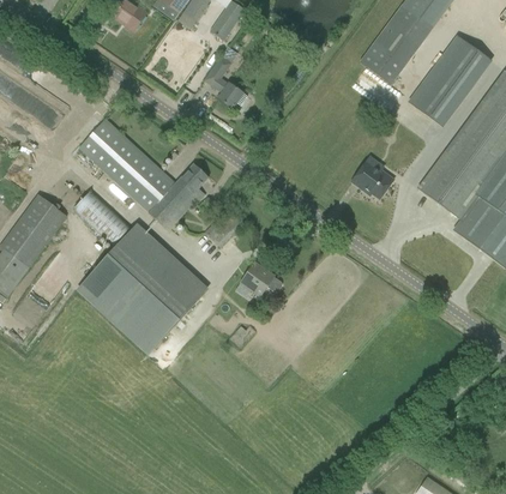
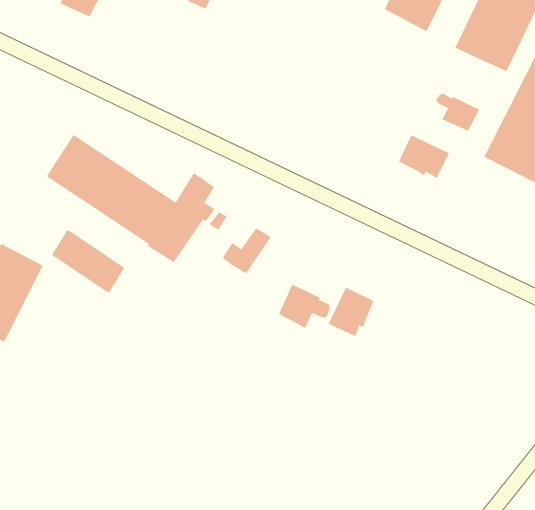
building: [204,54,247,108] -> none
building: none -> [436,93,480,131]
building: [82,229,201,347] -> none
building: none -> [328,287,374,337]

